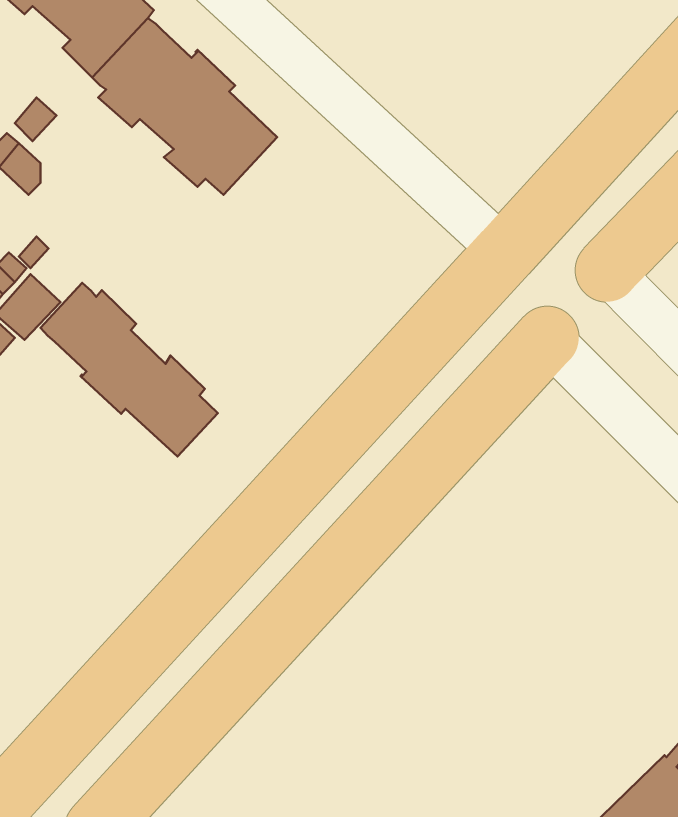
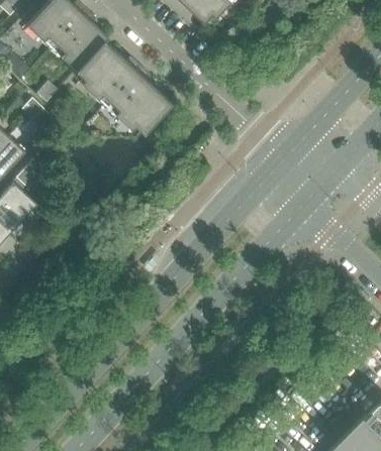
building: [41,283,218,456] -> none

